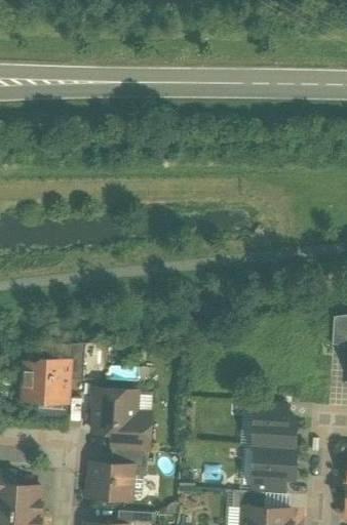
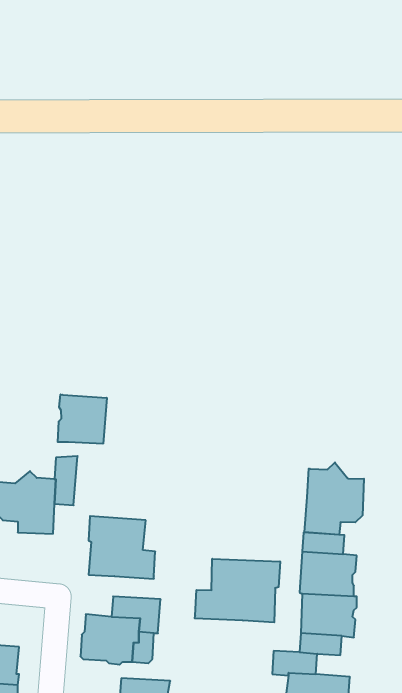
building: none -> [58,394,107,444]
building: none -> [305,462,364,535]
building: none -> [195,559,280,622]
building: [112,434,149,451] -> none

